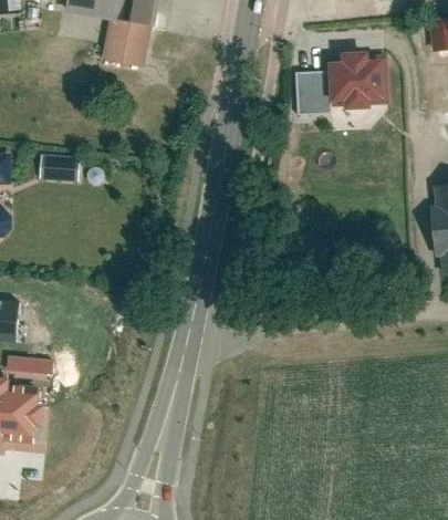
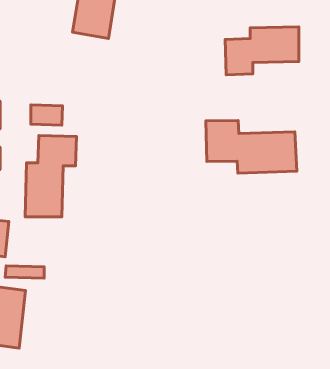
building: none -> [206,120,297,173]
building: none -> [25,135,76,217]

